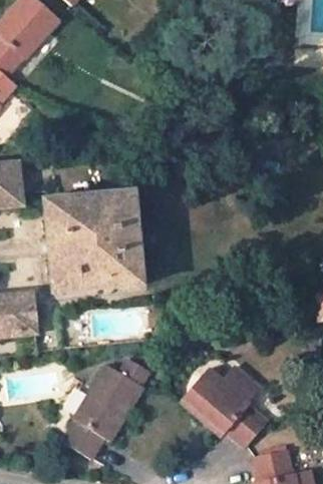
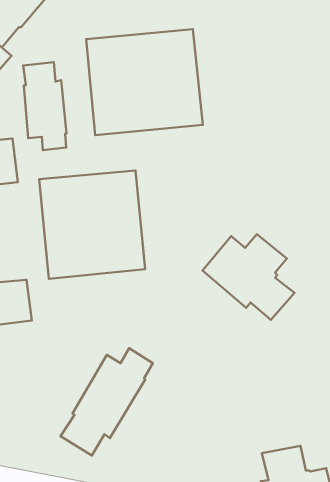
building: none -> [86,29,203,135]
building: none -> [23,62,66,150]
building: [181,367,267,447] -> [202,234,294,320]

